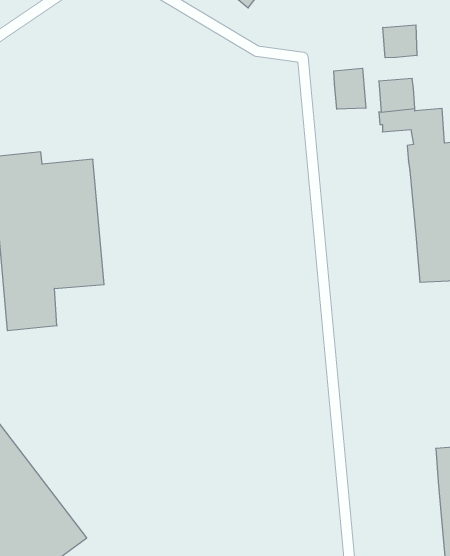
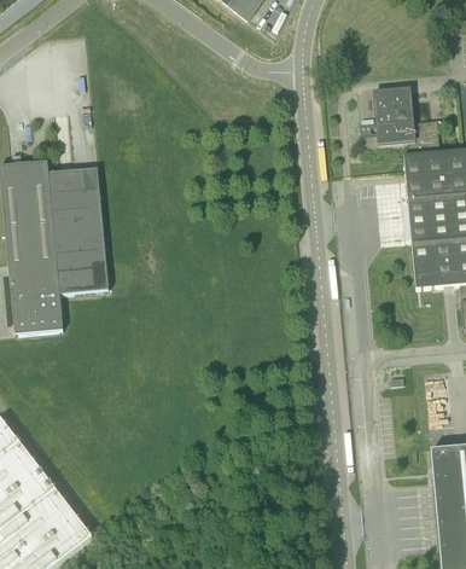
building: [383,25,417,58] -> none
building: [334,68,366,109] -> none

